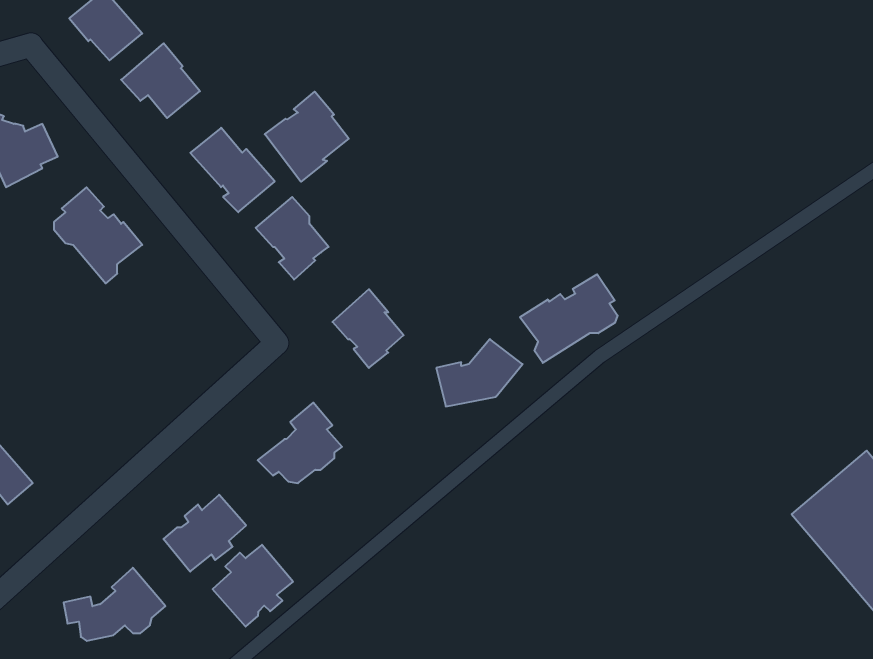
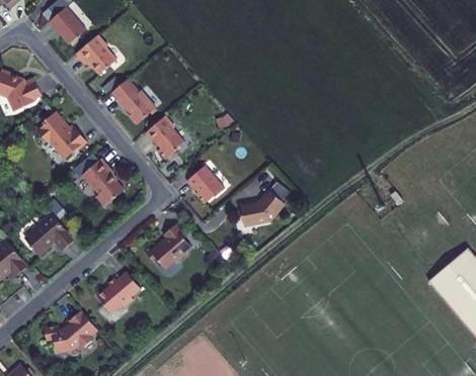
building: [265,92,349,182] -> none
building: [520,274,618,363] -> none
building: none -> [81,158,124,206]
building: none -> [26,212,74,257]
building: [213,545,293,627] -> none

